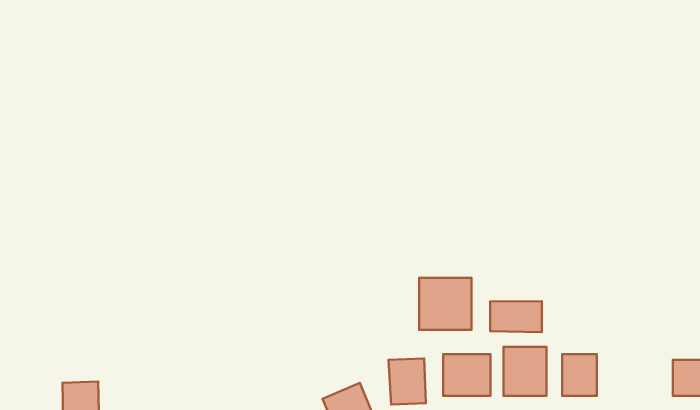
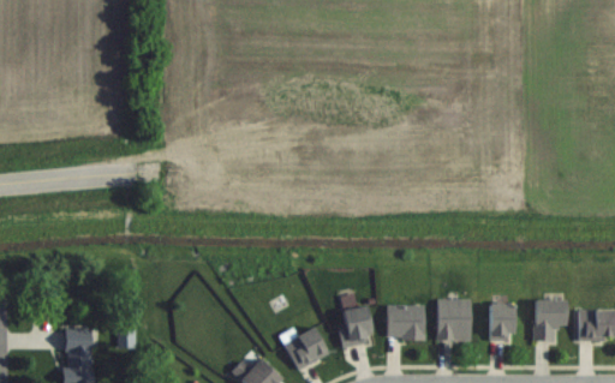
building: [419,278,472,330] -> none
building: [490,301,542,332] -> none
building: none -> [532,299,567,340]

